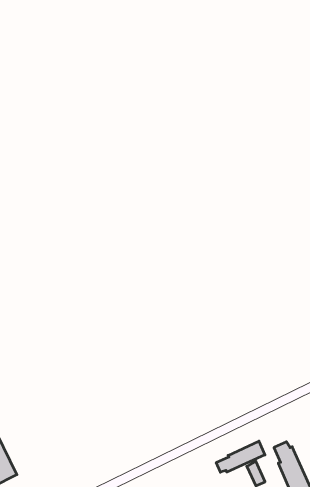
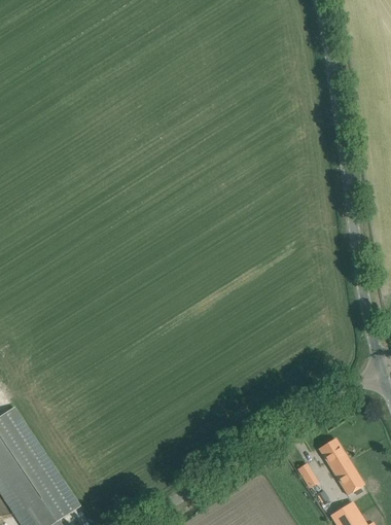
building: [216,441,265,472] -> none

